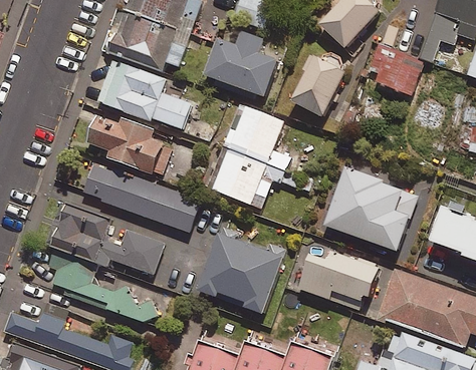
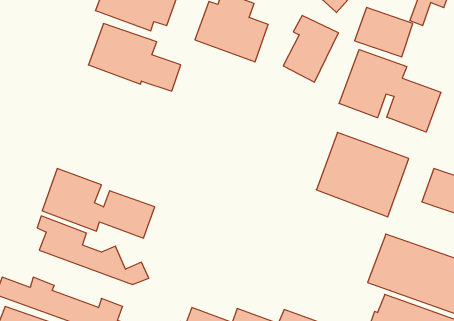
building: none -> [339,50,441,132]
building: [212,105,311,210] -> none
building: [87,113,164,175] -> none
building: [82,163,200,233] -> none
building: [198,228,286,316] -> none
building: [299,254,380,312] -> none

